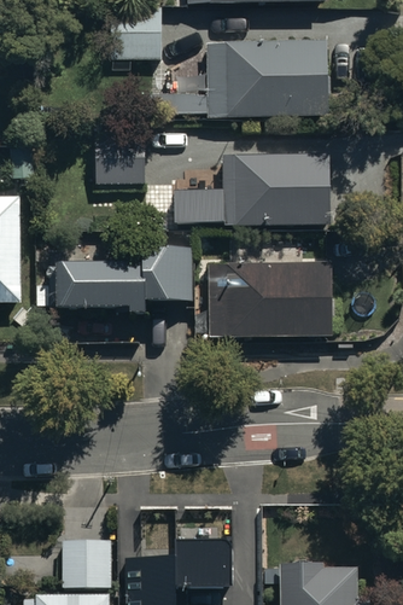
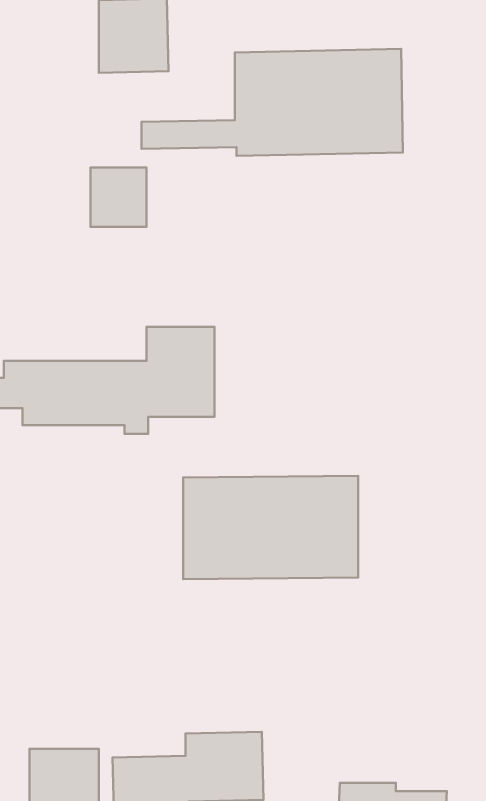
building: [174,153,331,228] -> none
building: [208,262,332,336] -> [183,476,358,579]

